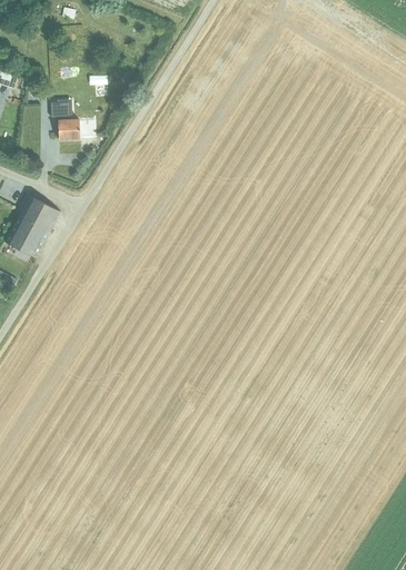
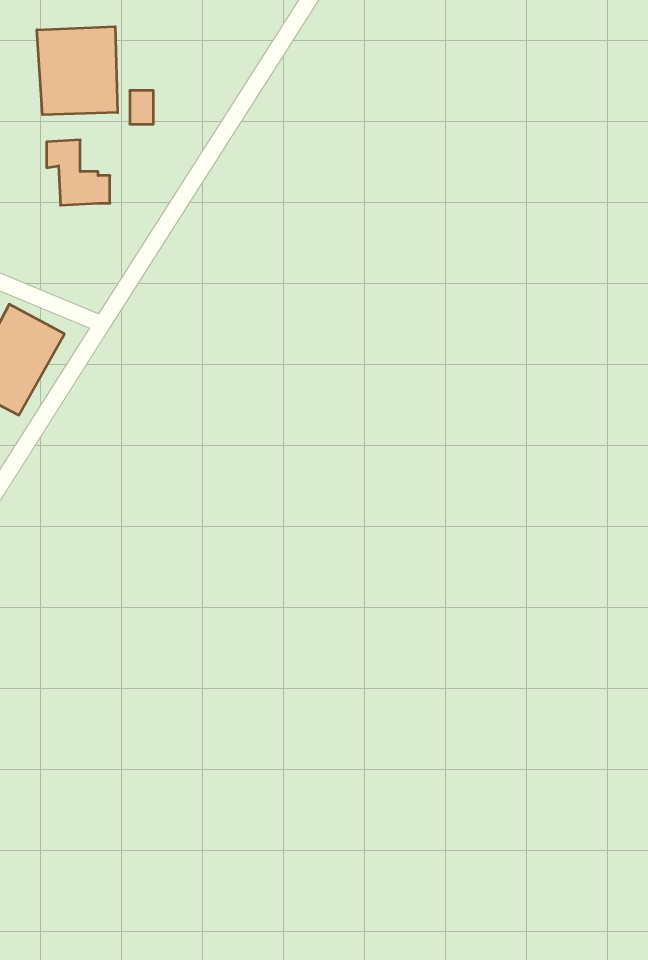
building: none -> [37,27,118,115]

